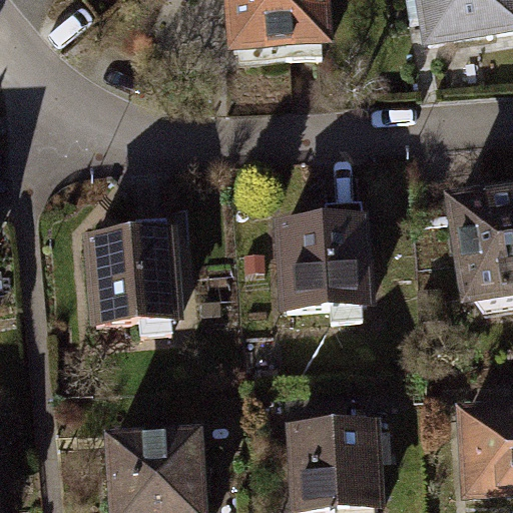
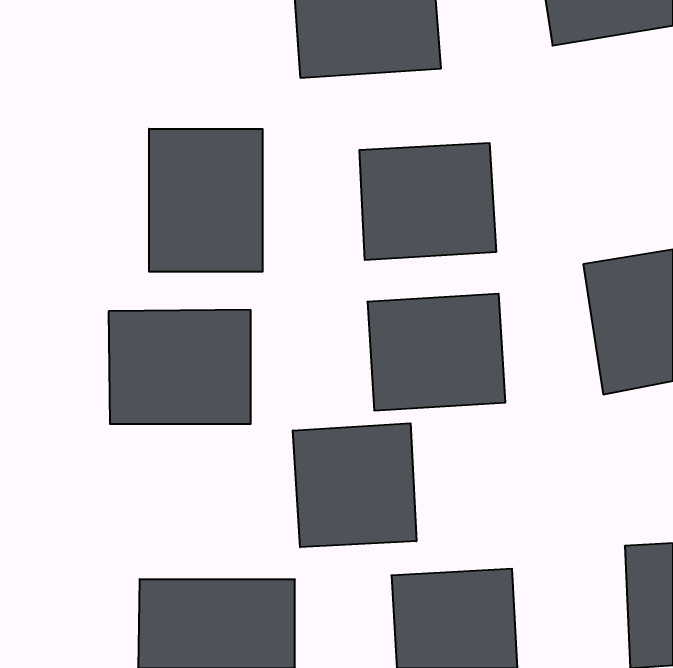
building: none -> [149,129,263,272]
building: none -> [359,143,496,260]
building: none -> [293,423,416,547]

